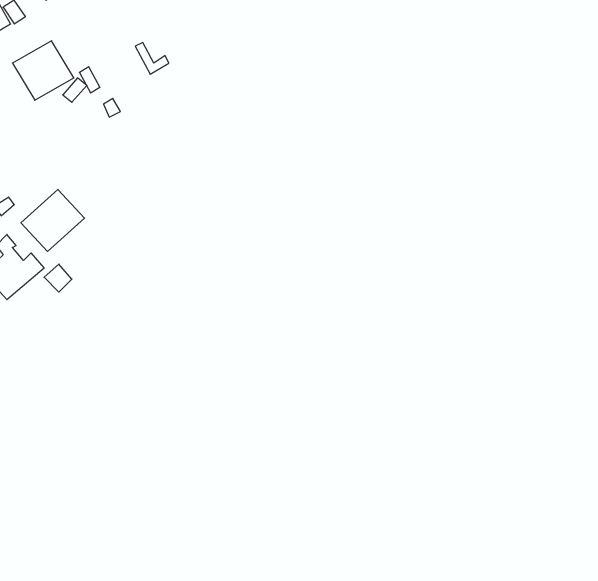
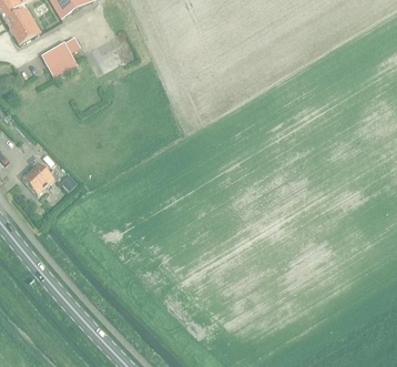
building: [21,189,85,251] -> none

